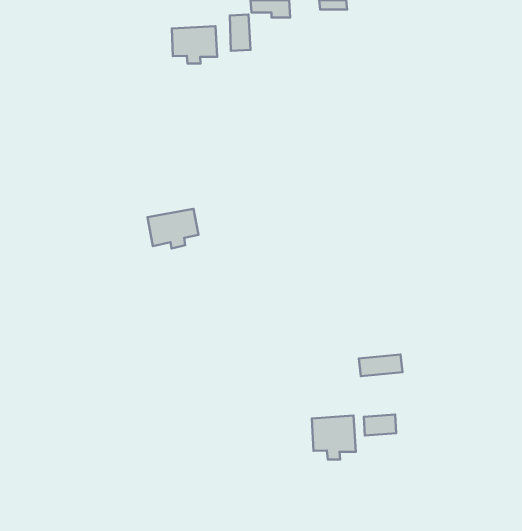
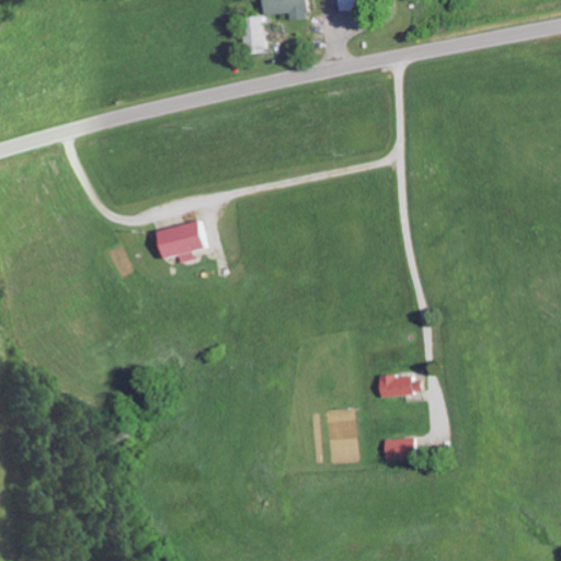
building: [172,26,217,63] -> none
building: [312,416,356,460] -> none

